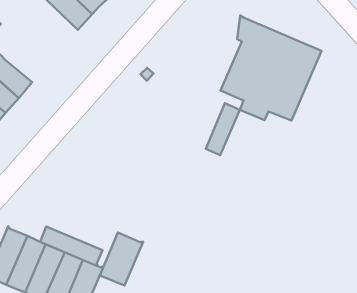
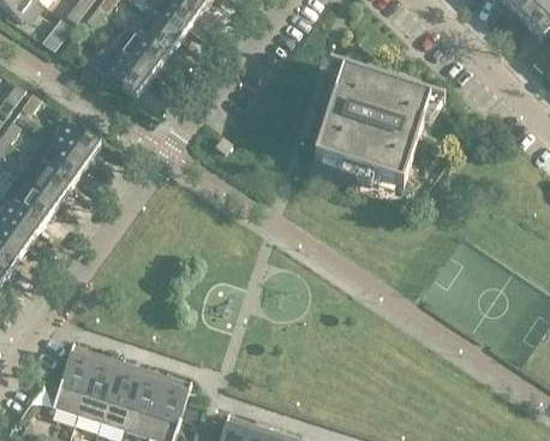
building: none -> [50,120,100,166]
building: [206,103,240,155] -> none
building: [40,227,103,266] -> none
building: [100,233,143,286] -> none

